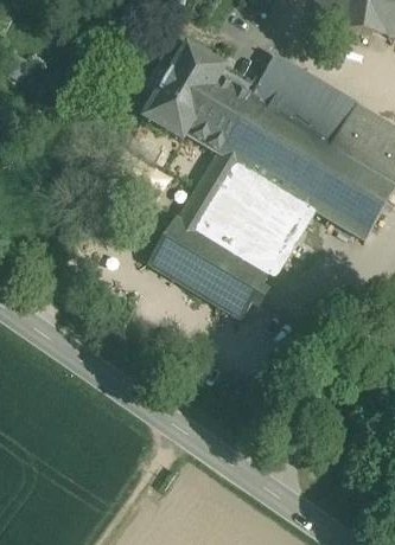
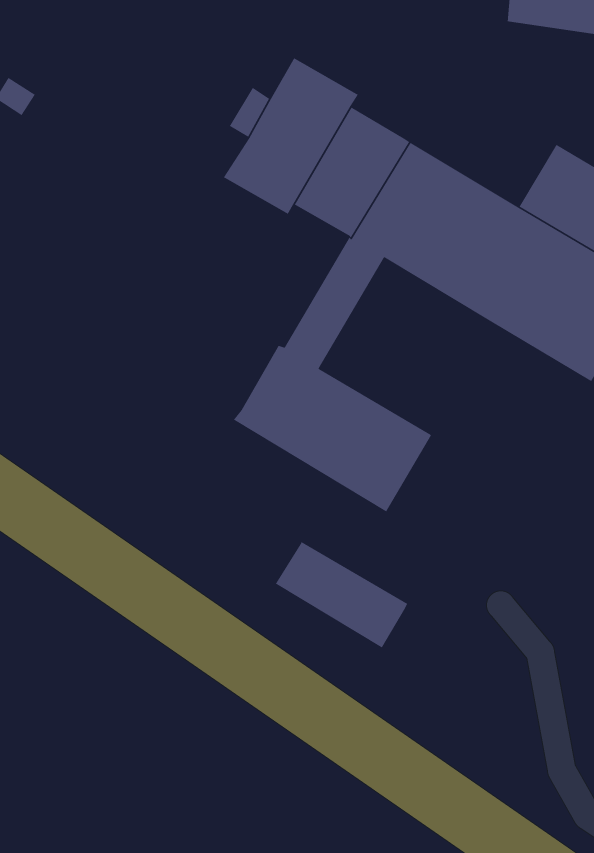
building: [255,54,346,134] -> none
building: [204,165,306,270] -> none
building: none -> [275,541,408,649]

